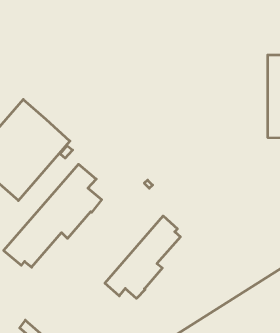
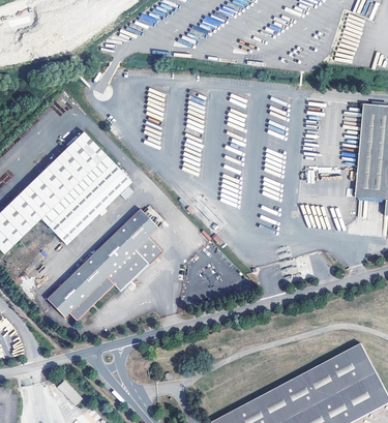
building: [105,216,180,298] -> none

